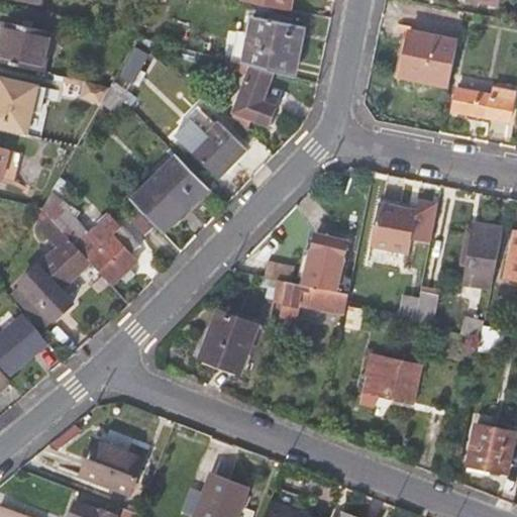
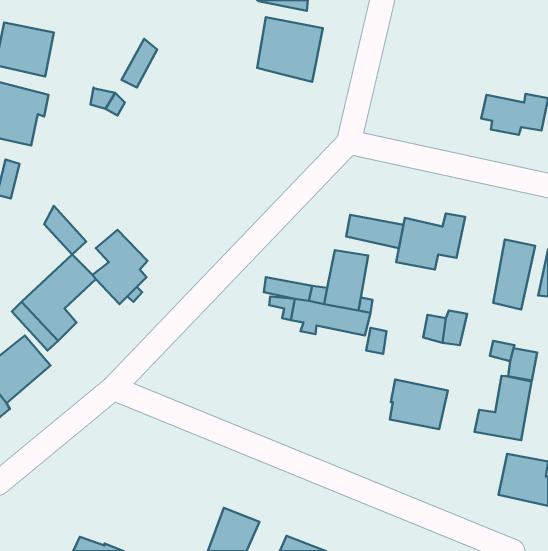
building: [400,30,456,86] -> none
building: [232,66,277,126] -> none
building: [175,120,245,178] -> none
building: [129,156,207,232] -> none
building: none -> [346,215,403,248]
building: [199,311,254,373] -> none
building: none -> [474,376,532,440]
building: [78,439,141,495] -> none

